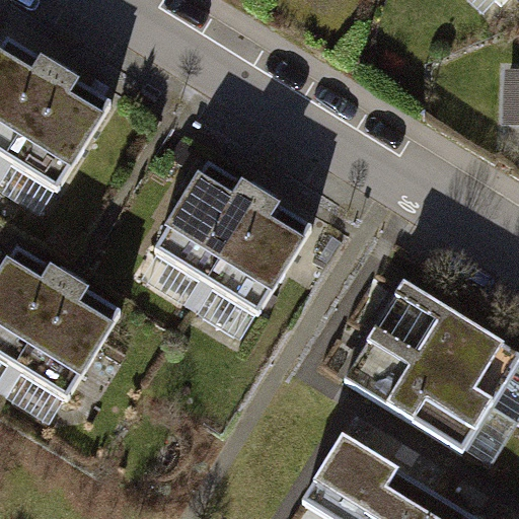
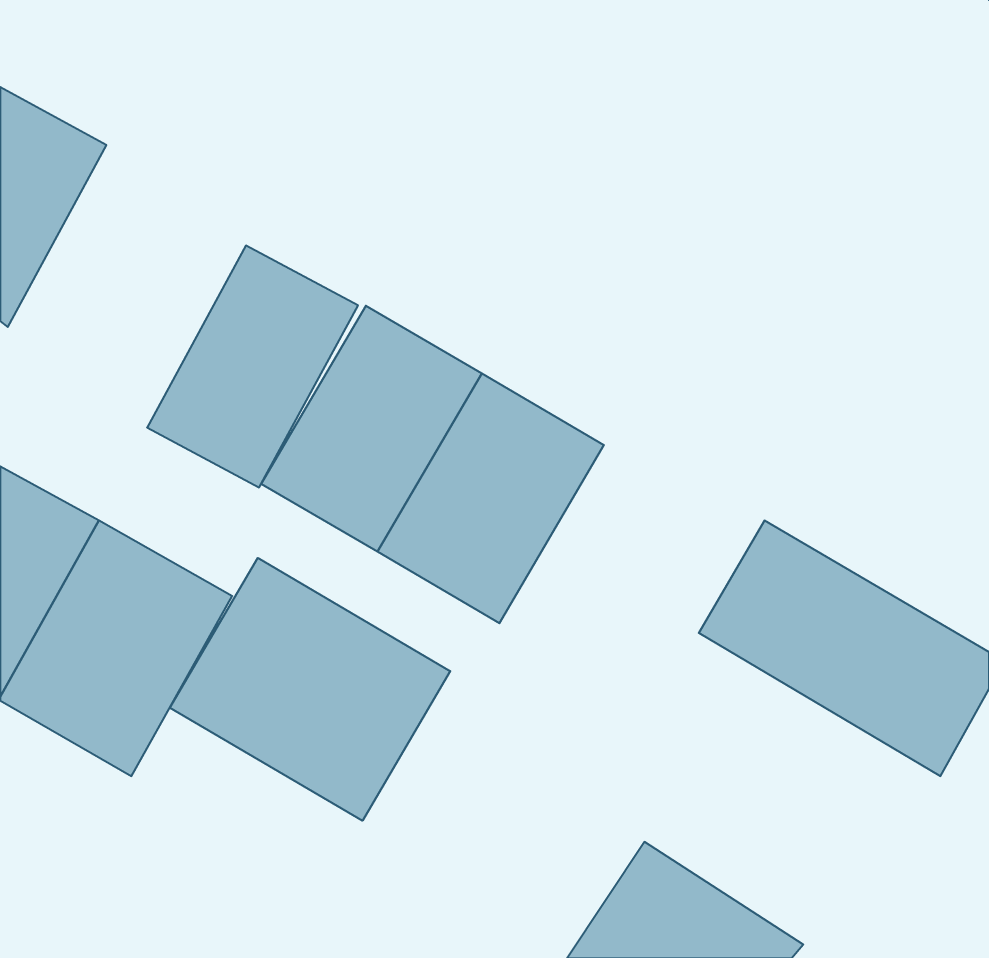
building: [4,76,115,203] -> [147,246,358,487]
building: none -> [170,558,450,821]
building: [329,331,493,468] -> none

